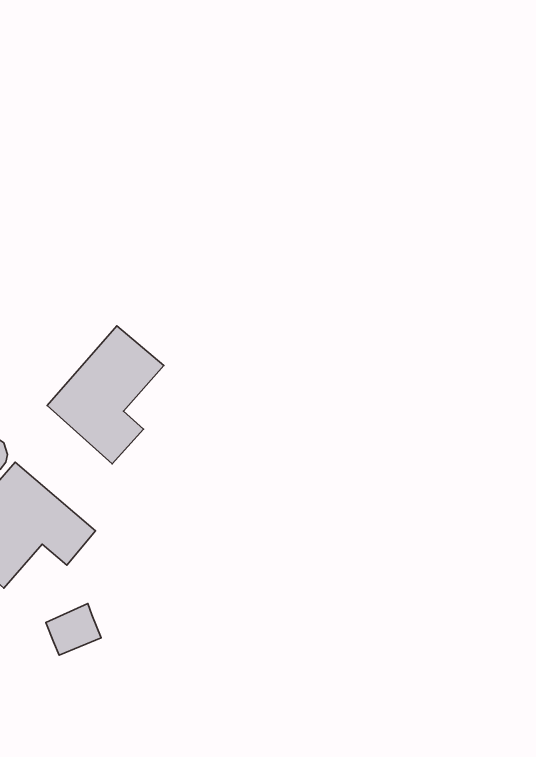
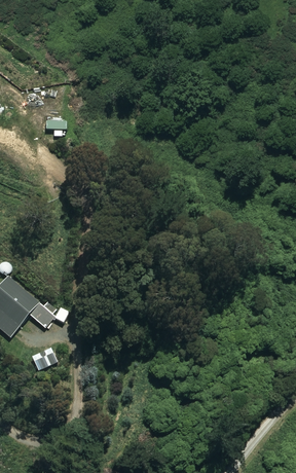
building: [47,326,164,464] -> none

